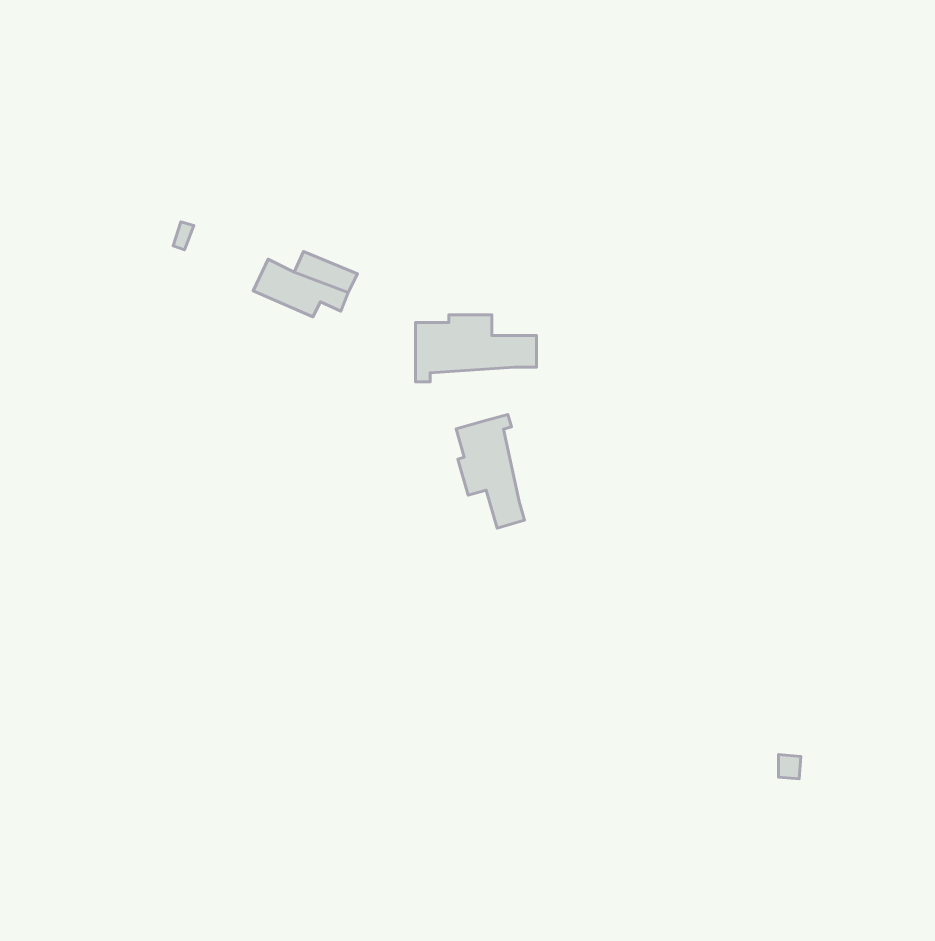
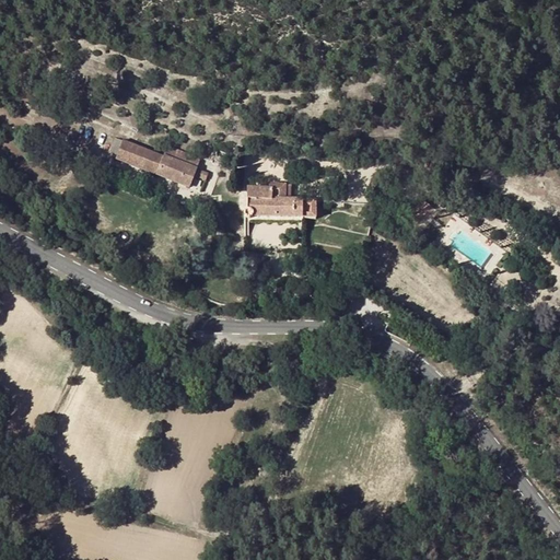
building: none -> [110,136,158,171]
building: [456,414,525,528] -> none

